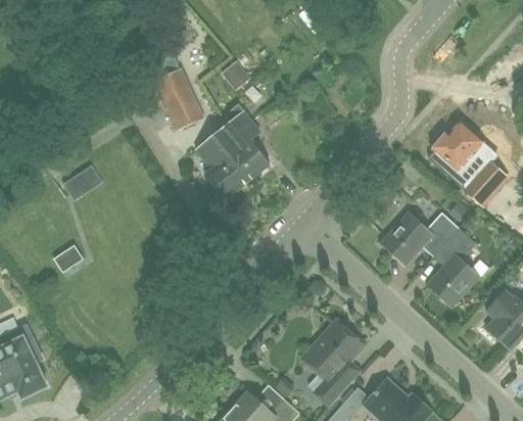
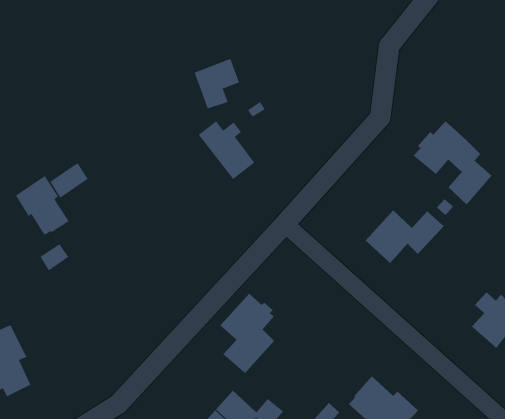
building: [156,68,202,128] -> none
building: [196,136,247,198] -> none
building: none -> [15,175,70,236]
building: [425,227,479,307] -> none
building: [305,323,361,404] -> [219,293,275,374]

